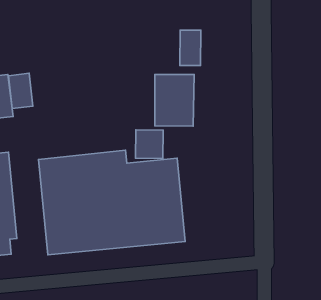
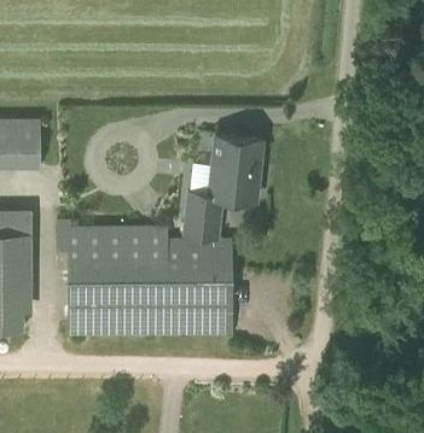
building: [180,30,201,65] -> none
building: [8,73,33,108] -> none

